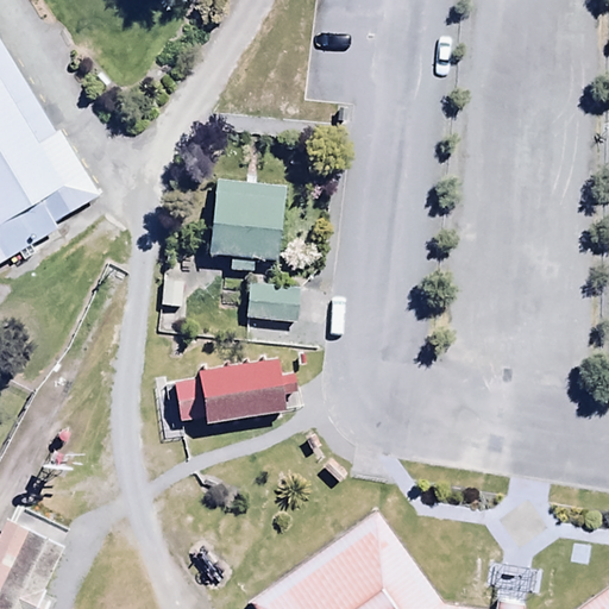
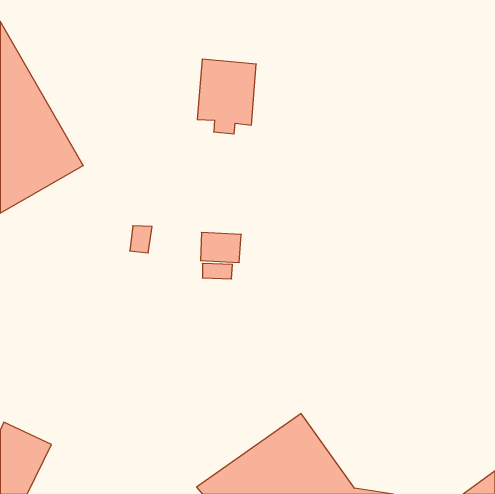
building: [208,181,281,272] -> [197,59,256,134]
building: [174,362,294,423] -> none

